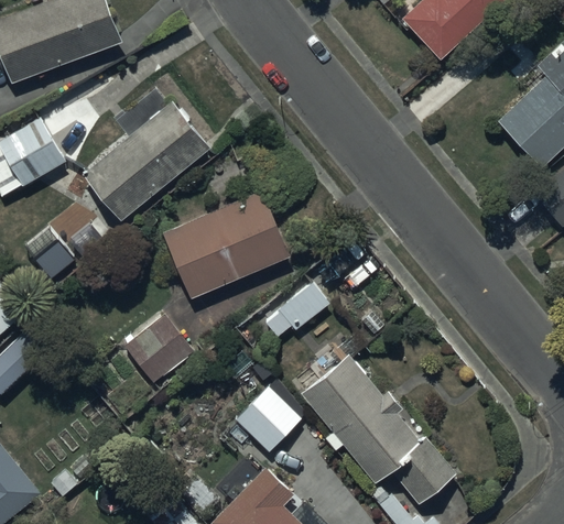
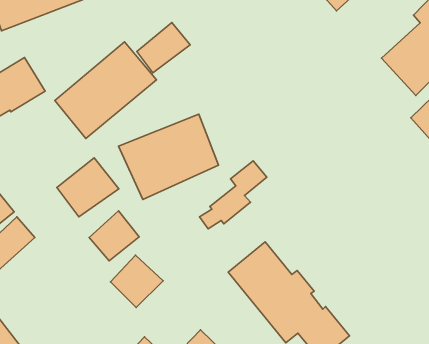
building: none -> [137,23,190,73]
building: none -> [57,158,119,217]
building: [236,386,303,454] -> [110,255,163,308]

